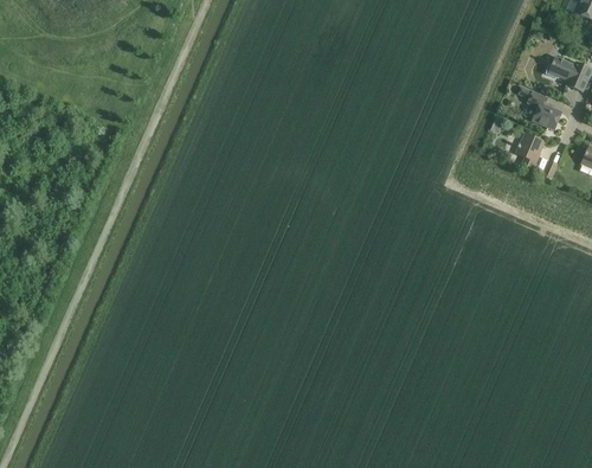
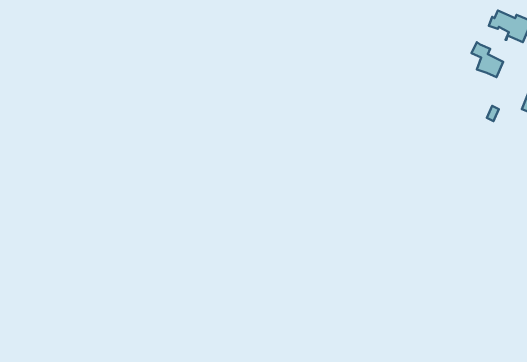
building: [516,132,542,167] -> none

